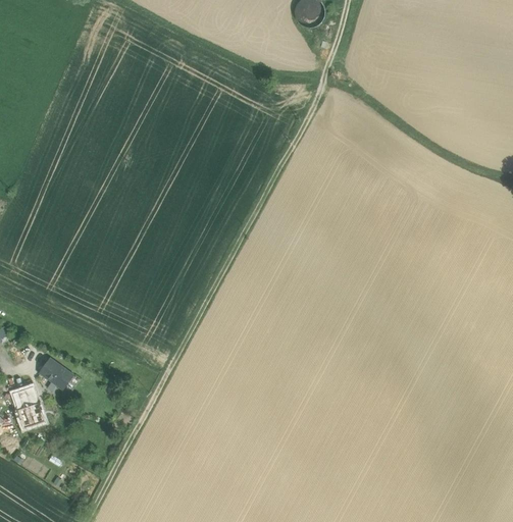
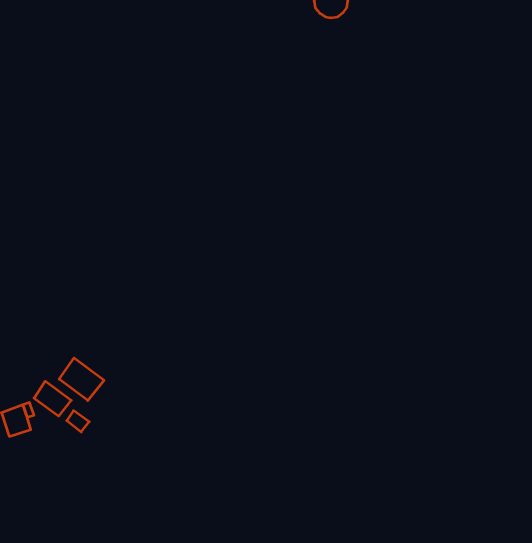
building: none -> [59,358,104,401]
building: [17,402,44,426] -> none

